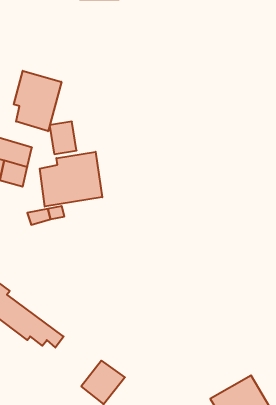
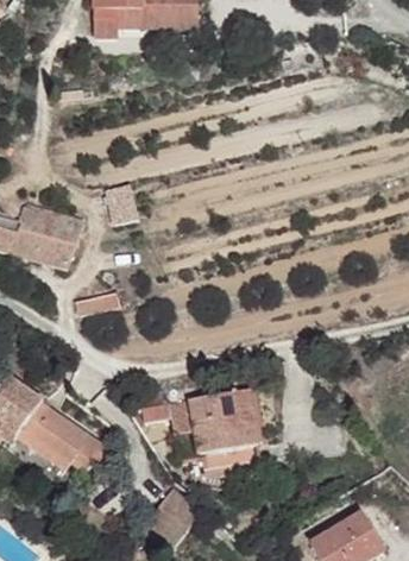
building: [14,71,61,131] -> none
building: [40,152,102,207] -> none
building: none -> [138,387,254,455]

